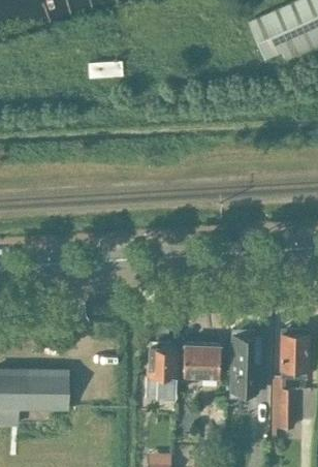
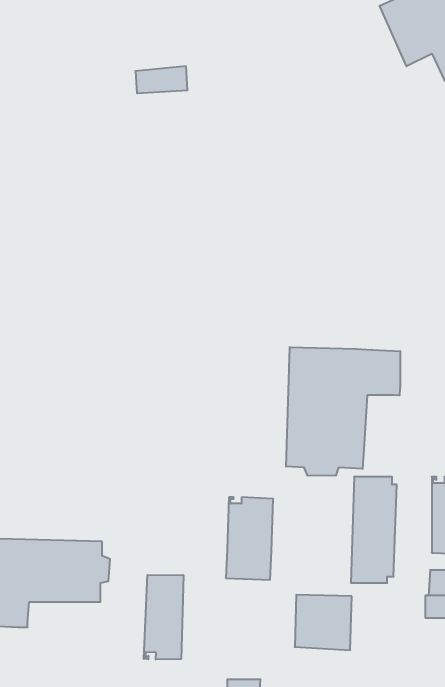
building: none -> [286,347,400,476]
building: [183,344,220,380] -> [295,595,352,650]
building: none -> [144,575,183,660]

